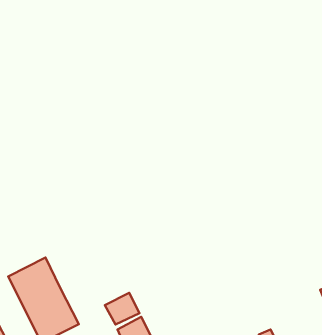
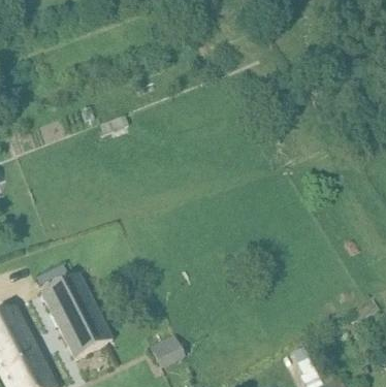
building: [105,293,139,325] -> none

